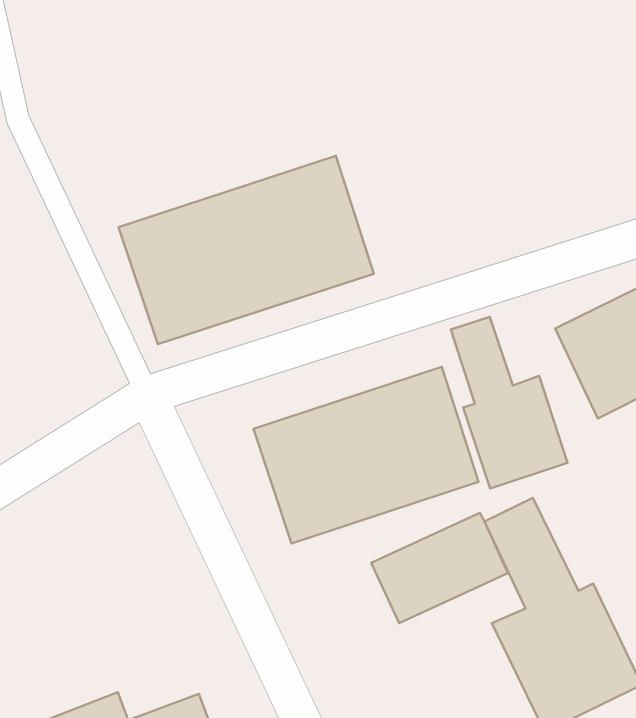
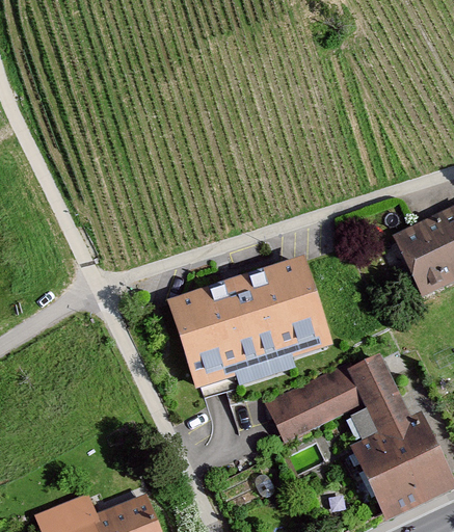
building: [119,156,374,344] -> none
building: [451,317,568,488] -> none

